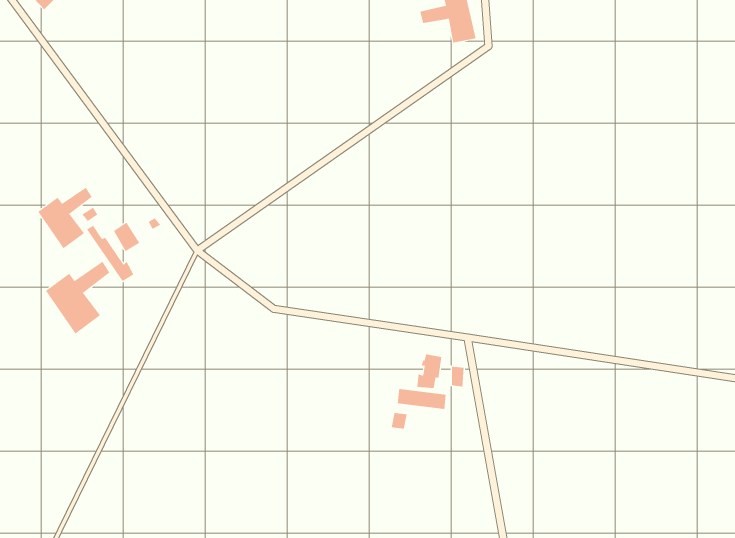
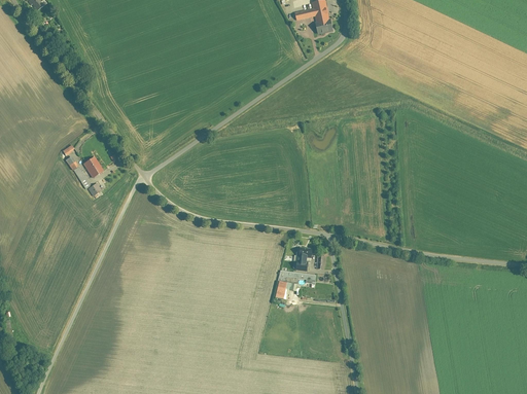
building: [37,187,92,249] -> none
building: [45,261,110,334] -> none

